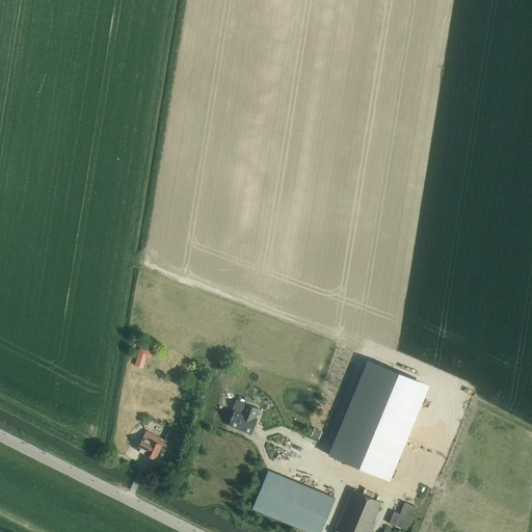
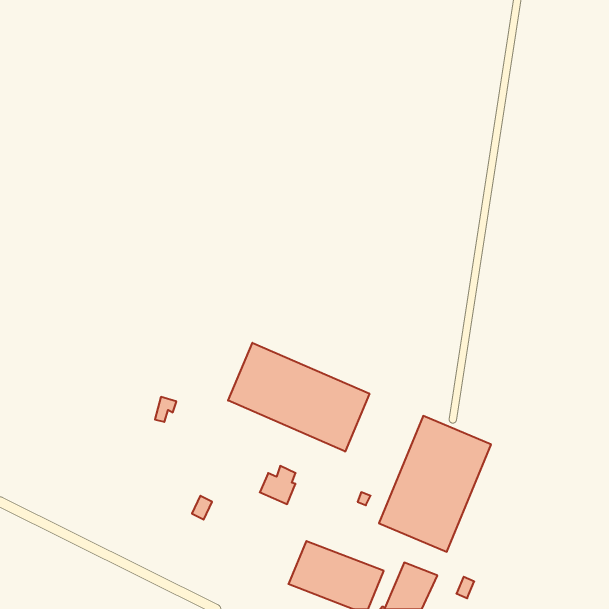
building: none -> [228,343,369,452]
building: [137,430,164,458] -> none

